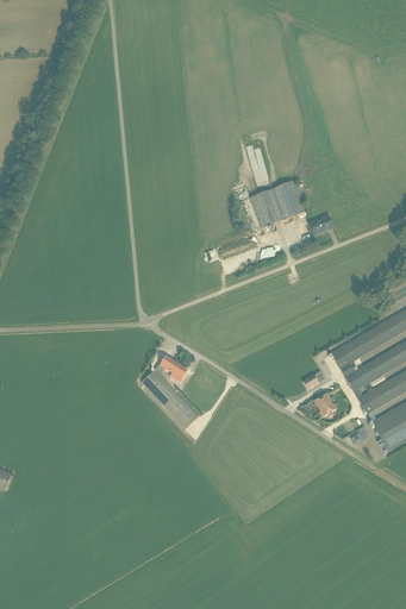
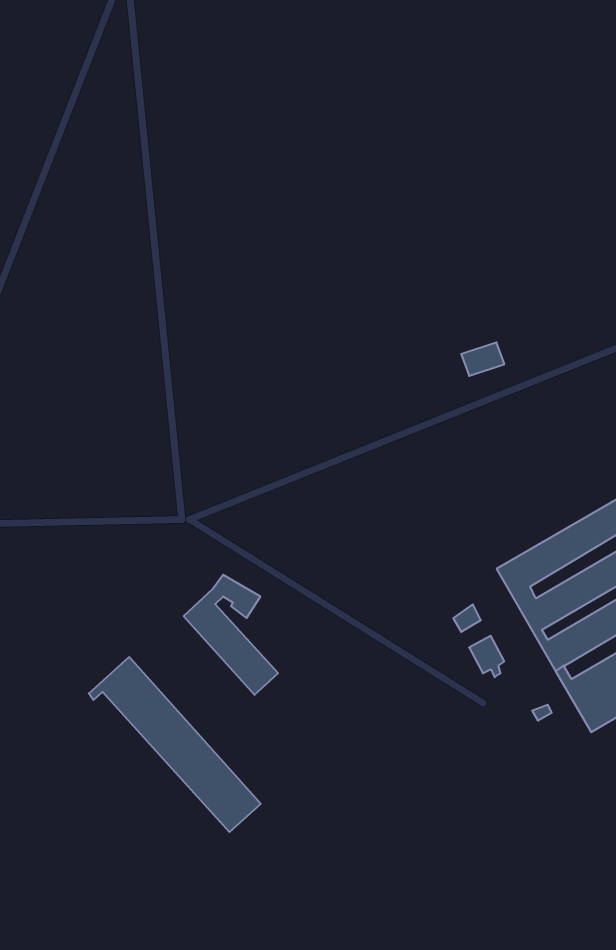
building: [250,178,306,227] -> none
building: none -> [89,657,261,832]

